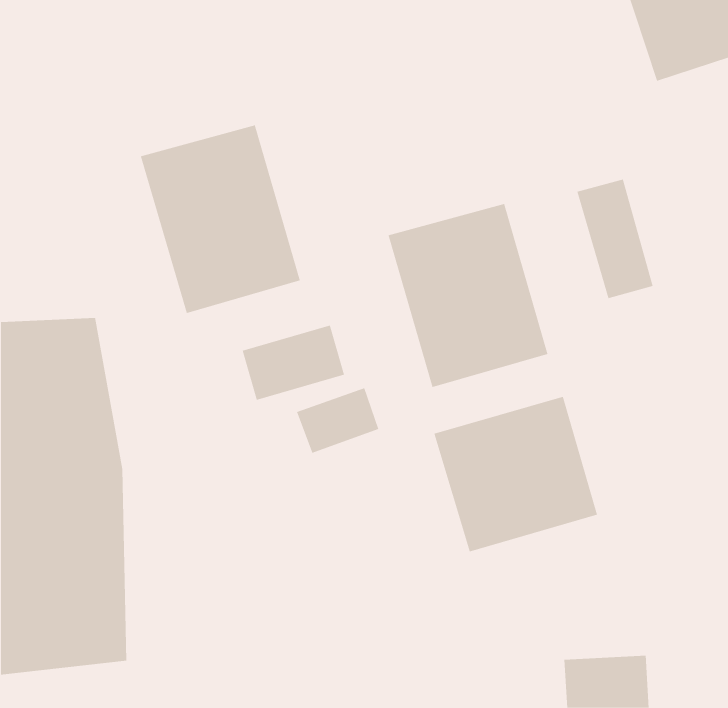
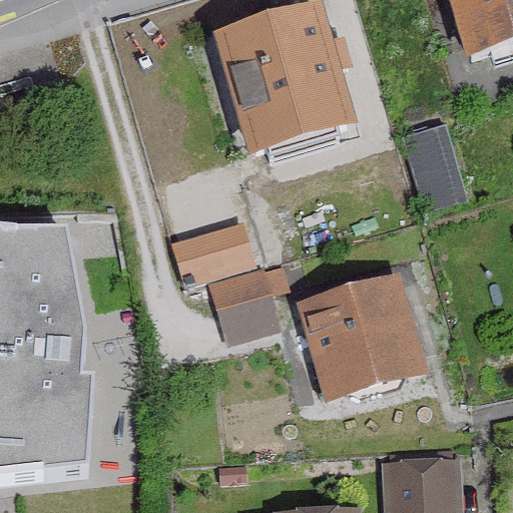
building: none -> [207,10,342,155]
building: [140,124,300,314] -> none
building: [388,203,548,388] -> none

